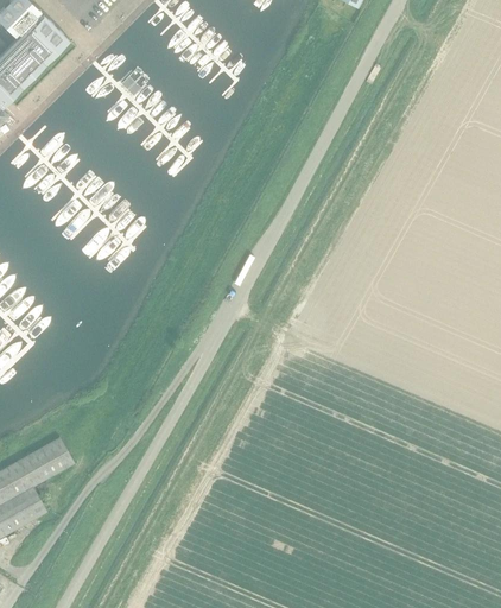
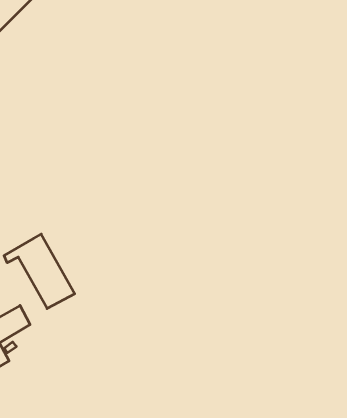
building: none -> [4,234,75,309]

